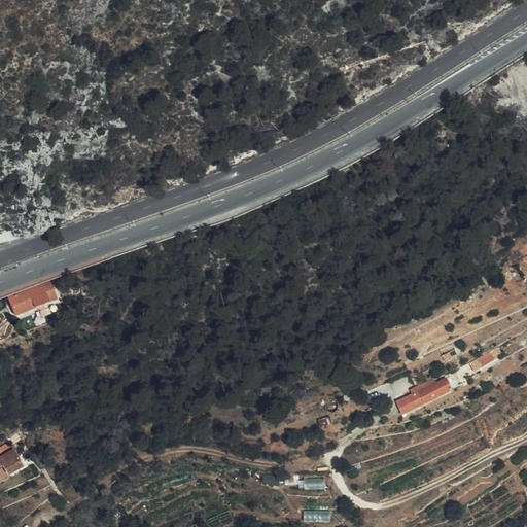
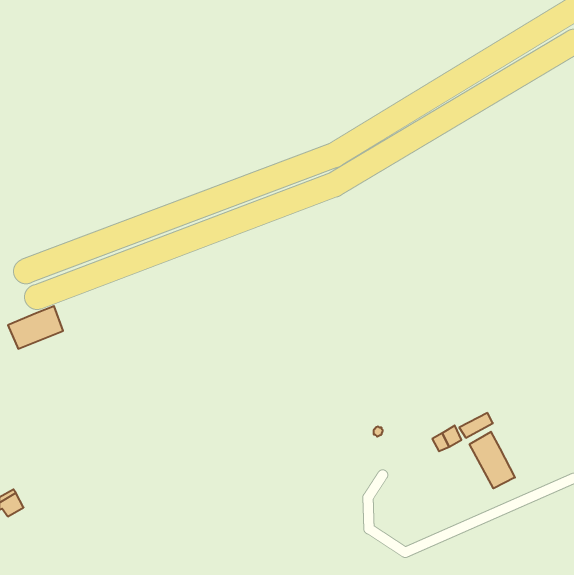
building: none -> [470,432,515,488]

